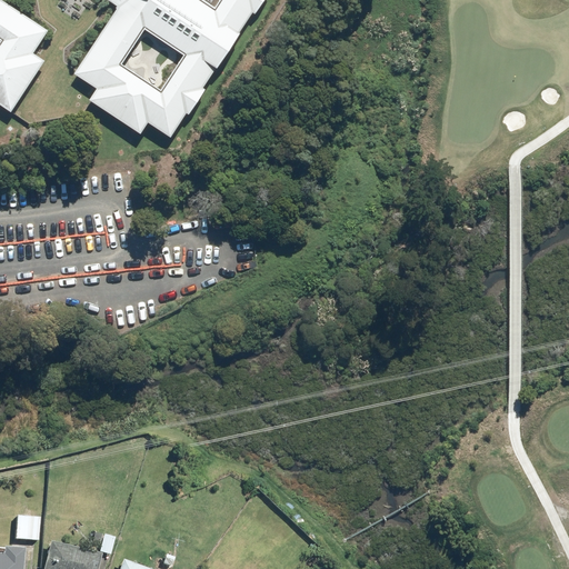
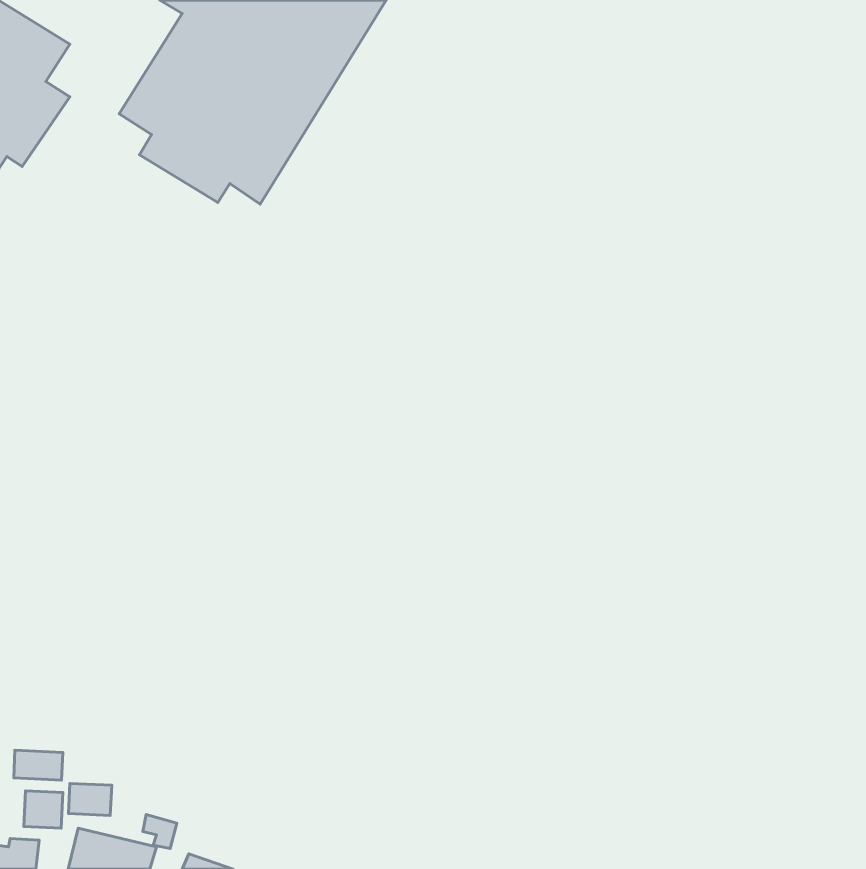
building: none -> [14,750,63,780]
building: none -> [68,783,112,815]

